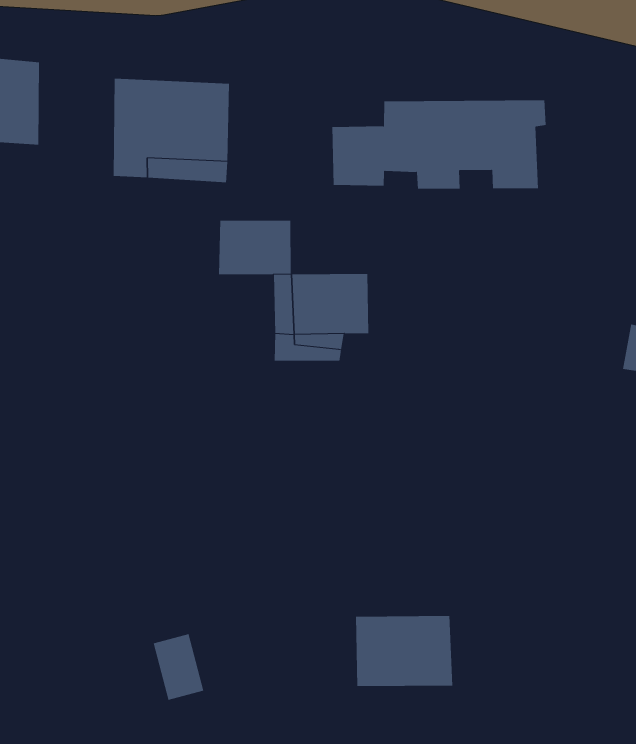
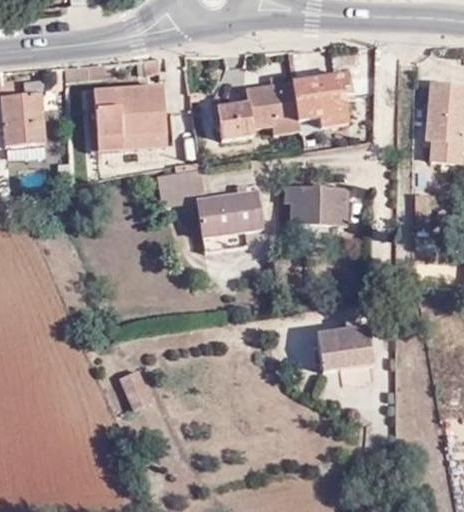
building: none -> [278,188,344,232]
building: [355,615,453,687] -> [309,328,374,379]
building: [153,634,204,700] -> [116,372,151,414]

